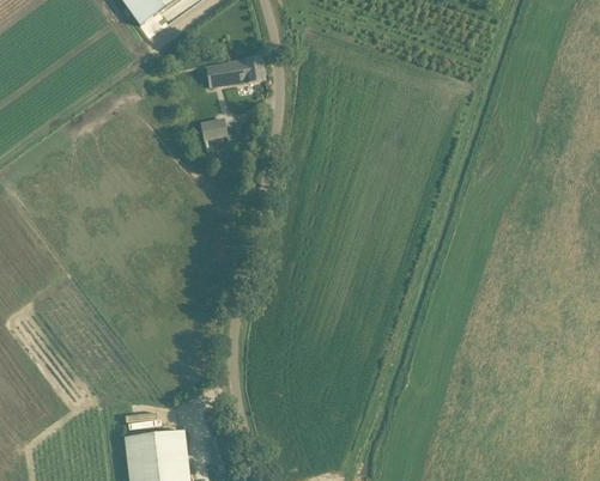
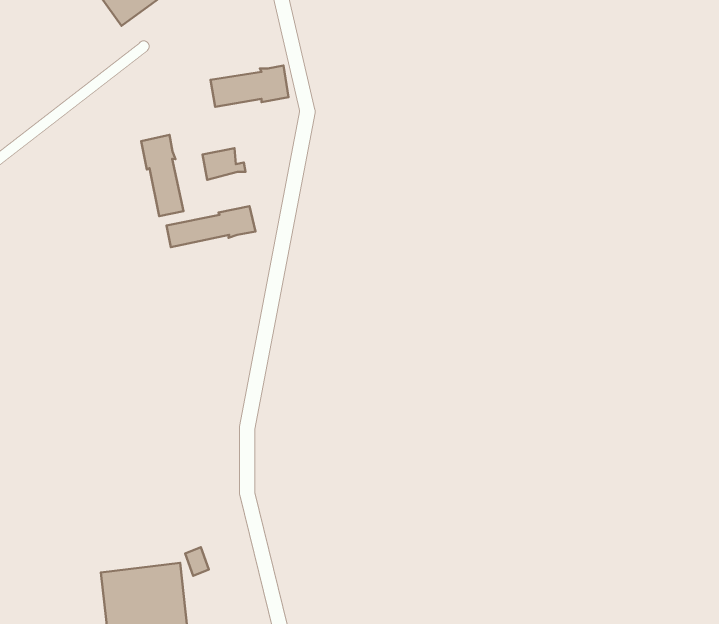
building: none -> [141,135,184,216]
building: none -> [167,206,256,247]

